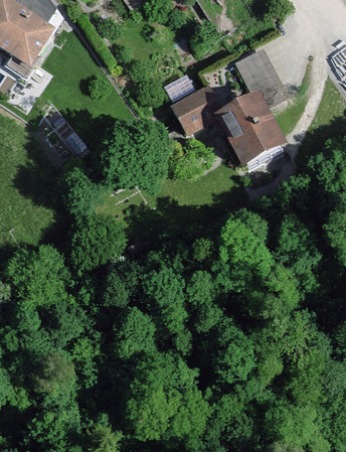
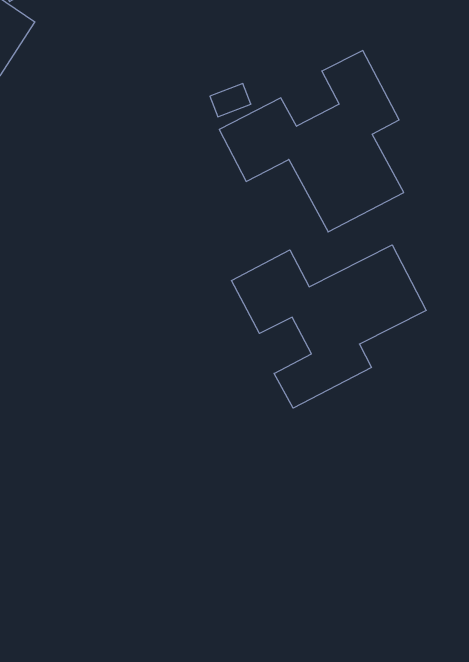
building: none -> [231,245,426,408]

